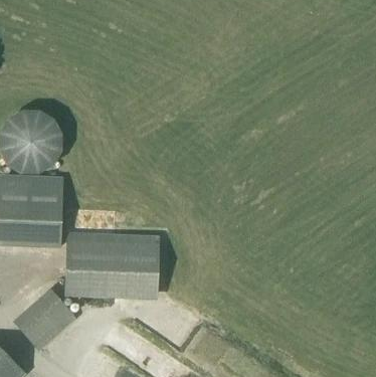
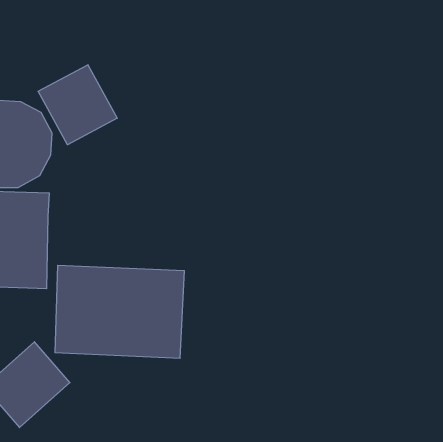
building: none -> [38,65,117,145]

